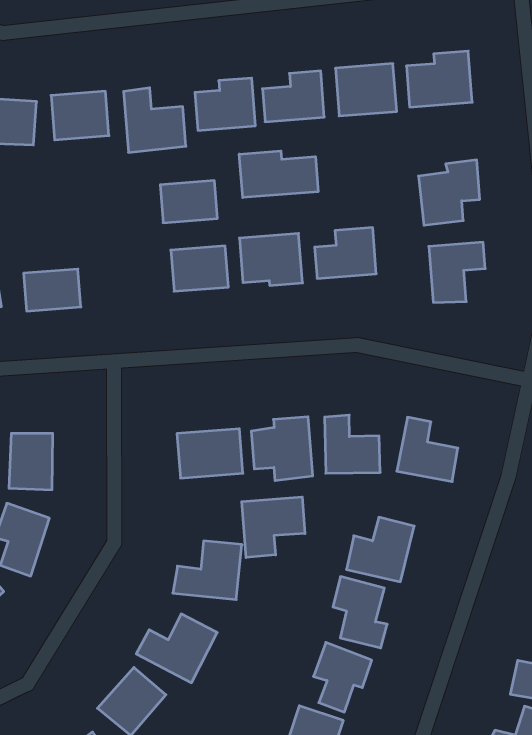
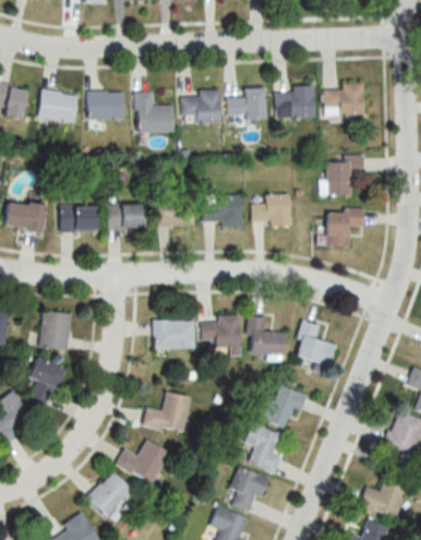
building: [239,151,318,198] -> none
building: [160,181,217,223] -> [108,204,144,229]
building: [242,497,305,558] -> none

